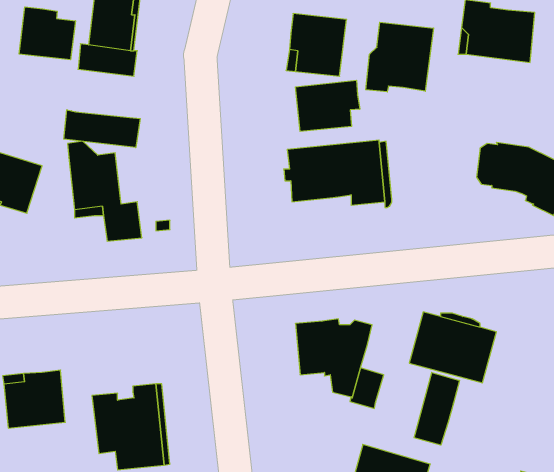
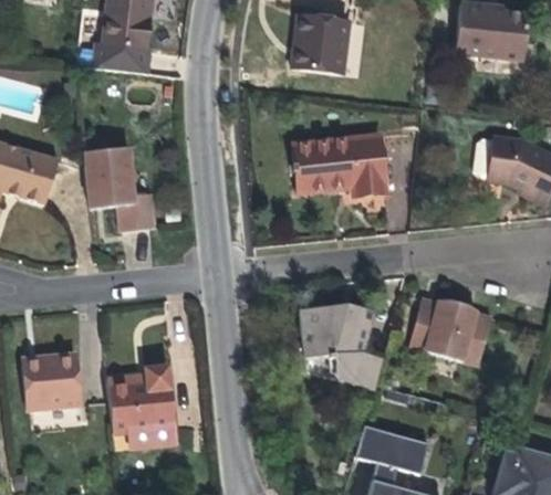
building: [19,7,75,60] -> none
building: [366,22,434,92] -> none
building: [296,80,360,131] -> none
building: [64,110,140,148] -> none
building: [414,372,459,445] -> none

